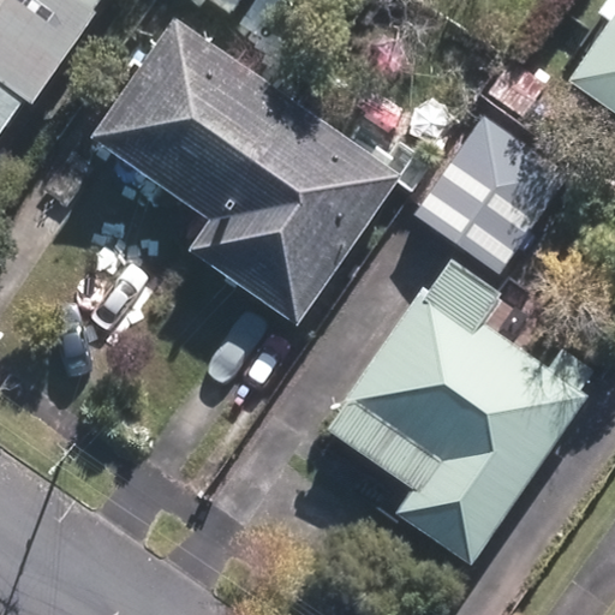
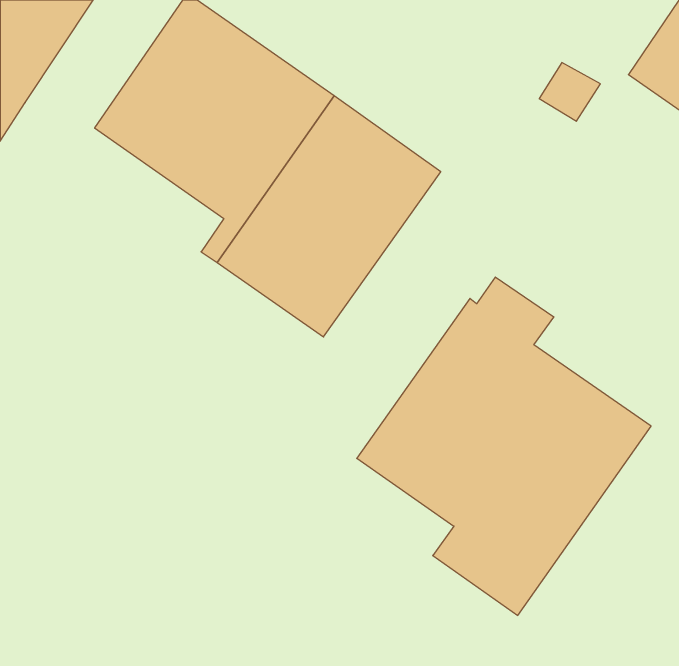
building: [420,130,571,283] -> none

